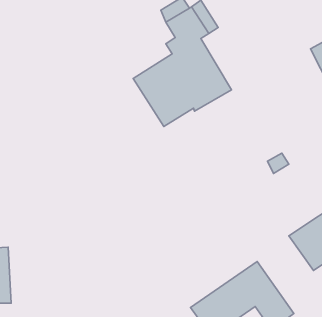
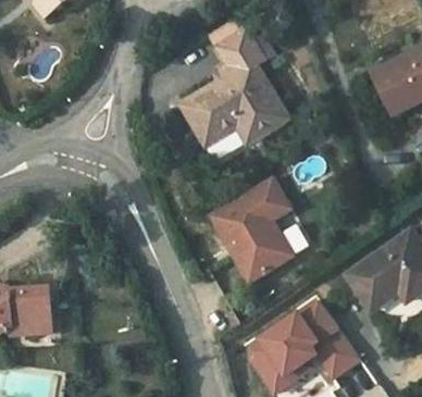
building: none -> [209,177,311,282]

